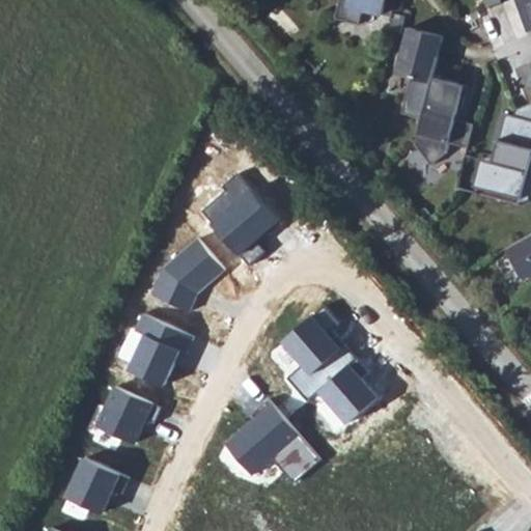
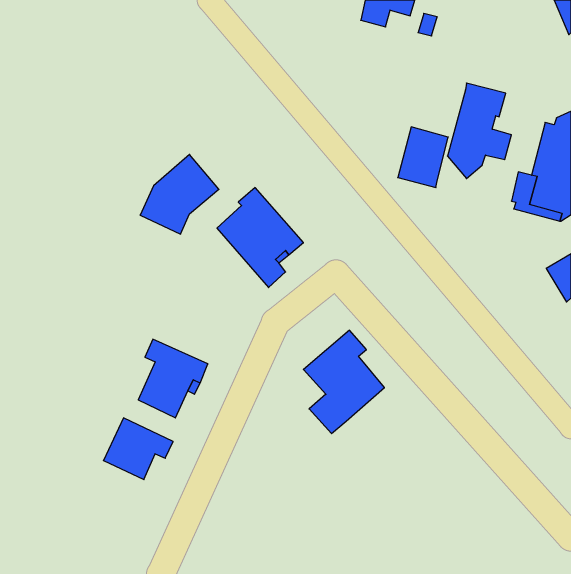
building: [394,27,441,83] -> [398,127,448,188]
building: [150,237,223,311] -> [140,154,219,234]
building: [319,358,375,422] -> none
building: [223,398,319,482] -> none
building: [65,457,128,512] -> none

